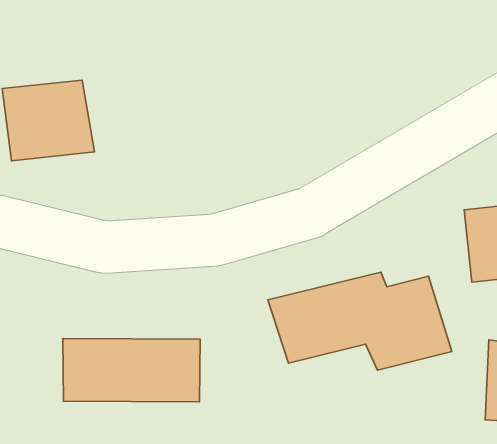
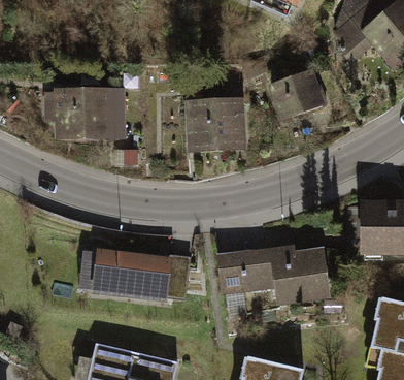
building: none -> [272,68,329,121]
building: none -> [184,96,250,151]

